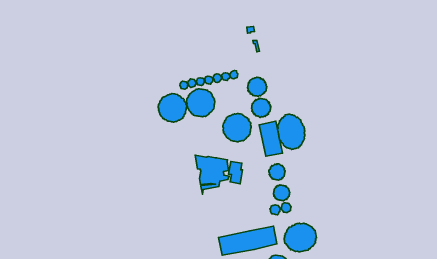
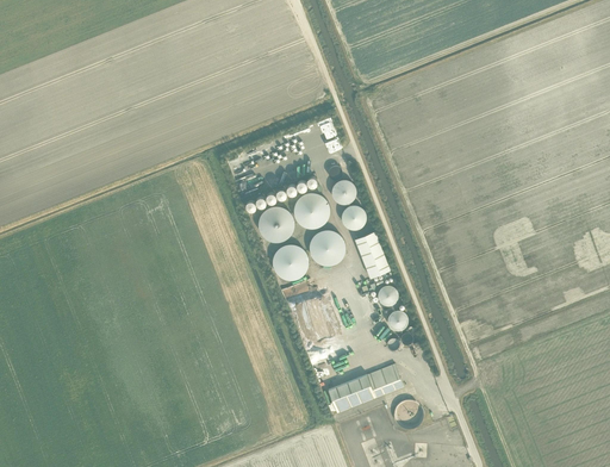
building: none -> [293,193,329,229]
building: [158,94,187,122] -> [272,244,307,280]
building: [278,114,305,149] -> none
building: [284,223,317,252] -> none

